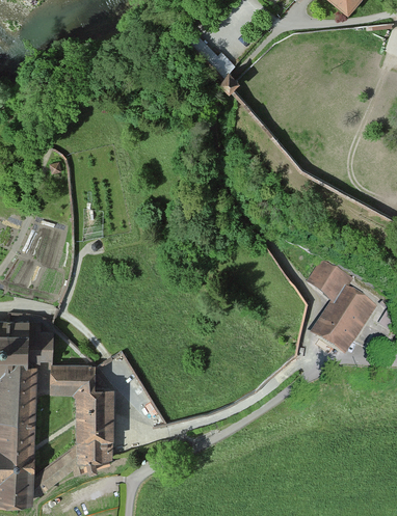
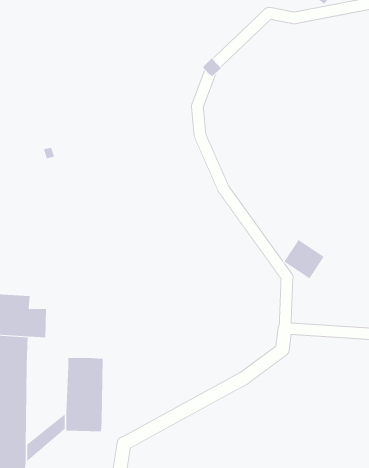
building: [313,283,376,352] -> none
building: [32,363,95,395] -> none

